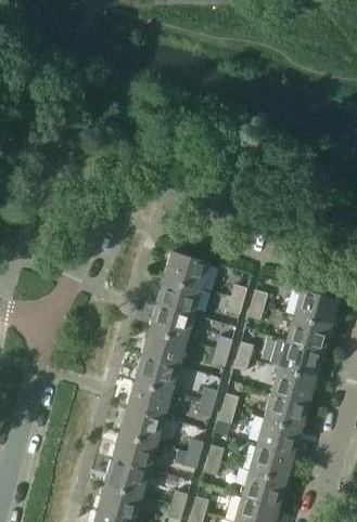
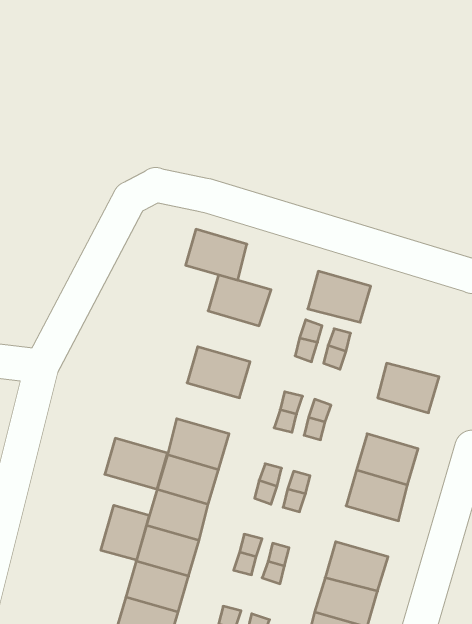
building: [155,278,200,315] -> [186,229,247,280]
building: [292,289,337,326] -> [308,271,371,322]
building: [140,330,186,367] -> [105,438,168,489]
building: [269,339,322,378] -> none
building: none -> [101,505,149,560]
building: [255,419,301,456] -> none

